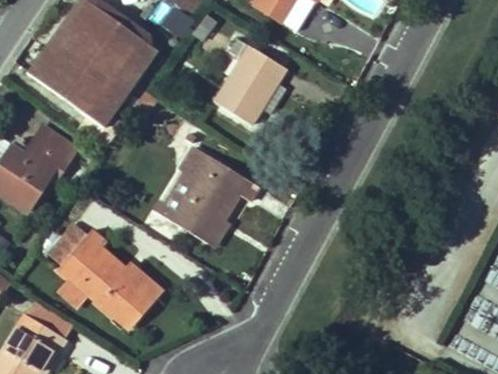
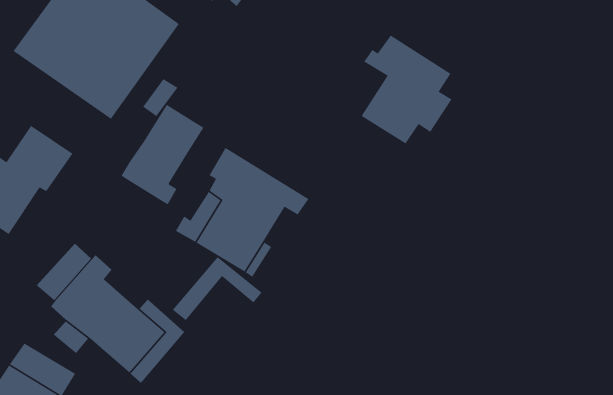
building: [215,38,286,123] -> [361,34,453,145]
building: none -> [121,104,204,205]
building: none -> [172,256,263,321]

